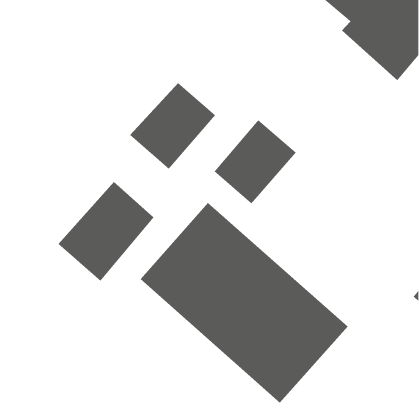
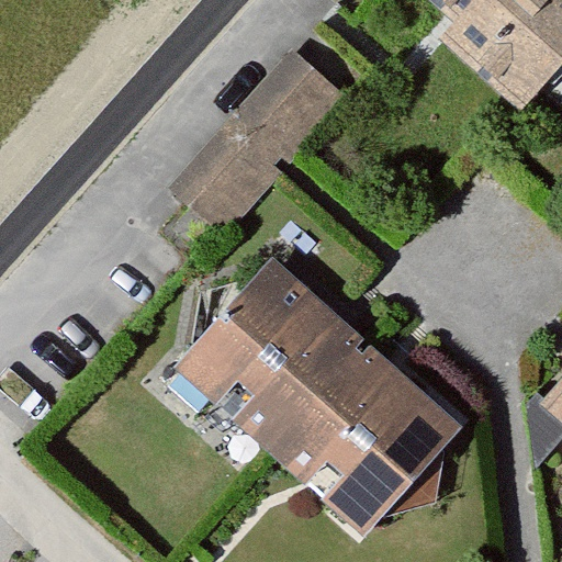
building: [213,119,297,205] -> [236,40,347,153]
building: [58,181,154,282] -> none

